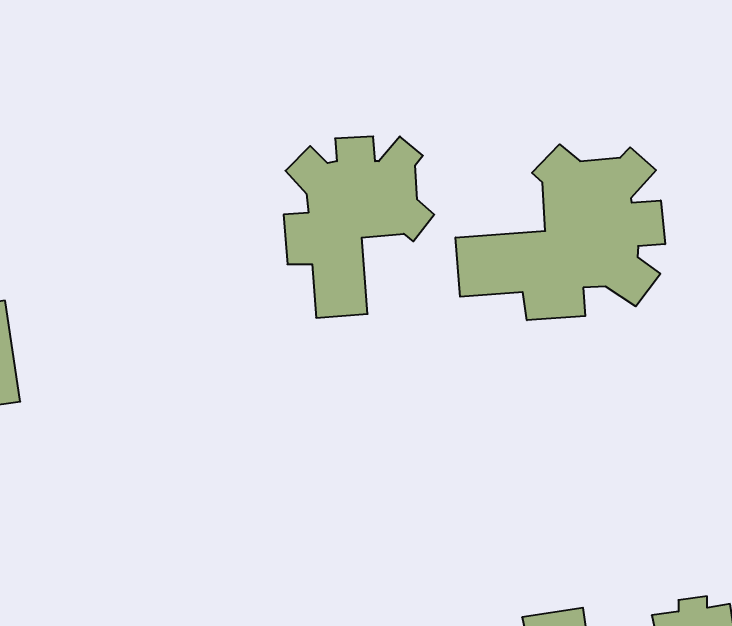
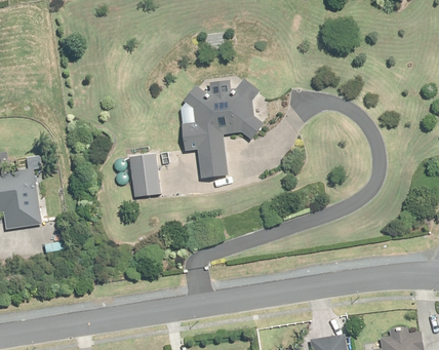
building: [456,144,665,320] -> none
building: none -> [129,154,160,197]

